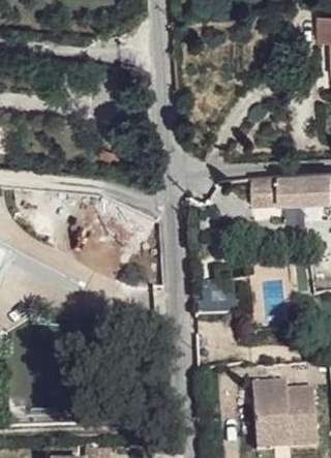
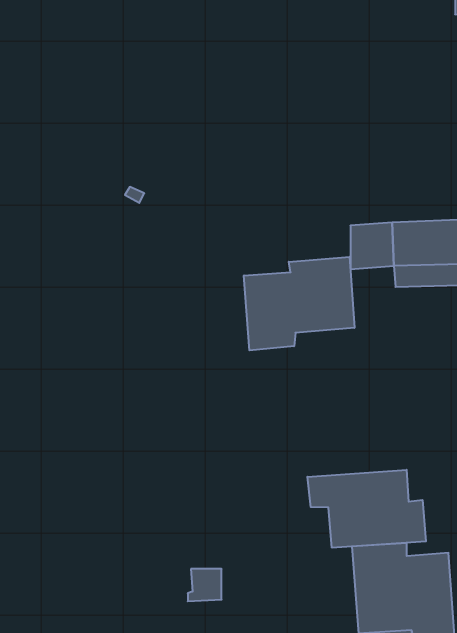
building: none -> [244,257,354,350]
building: none -> [307,470,426,548]

